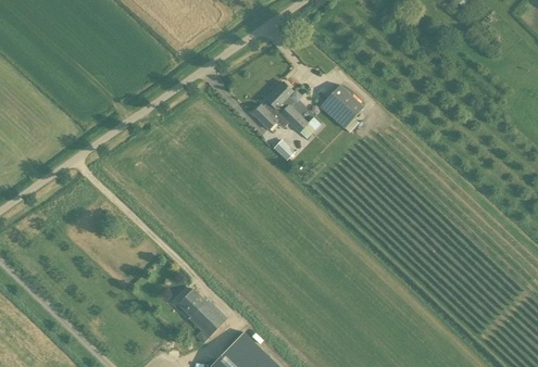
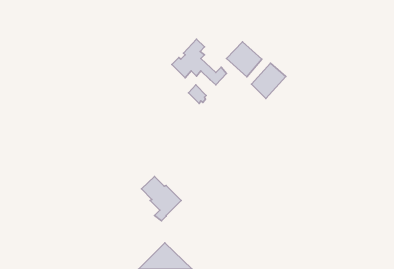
building: none -> [251,63,286,98]
building: [176,289,225,343] -> [141,177,181,221]

